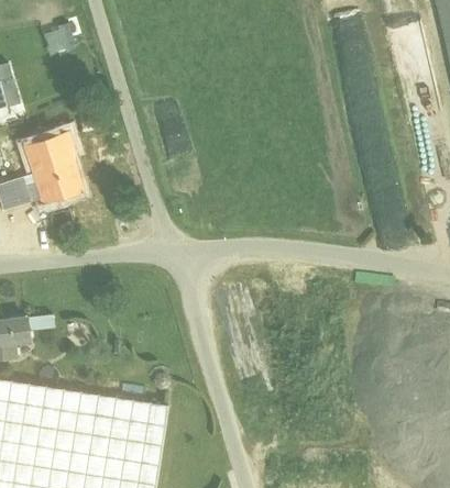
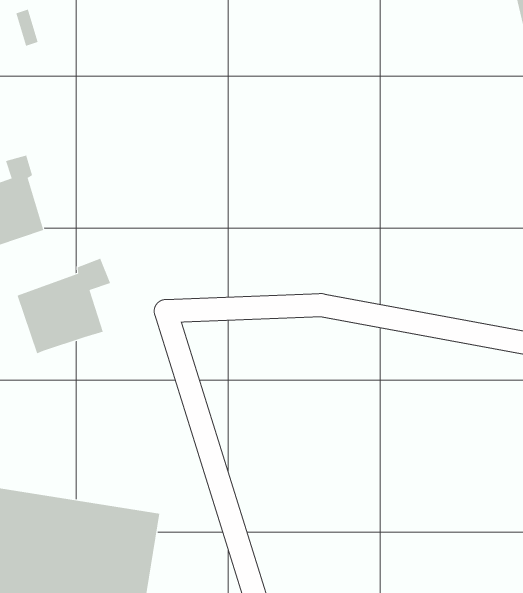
building: none -> [17,258,111,354]

